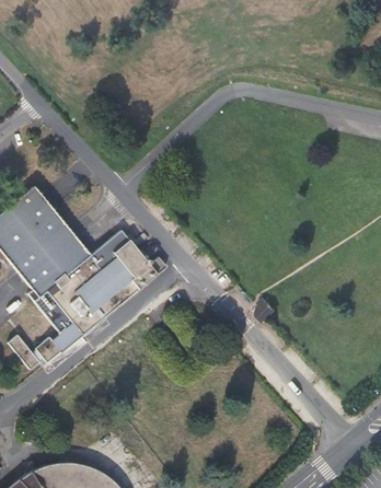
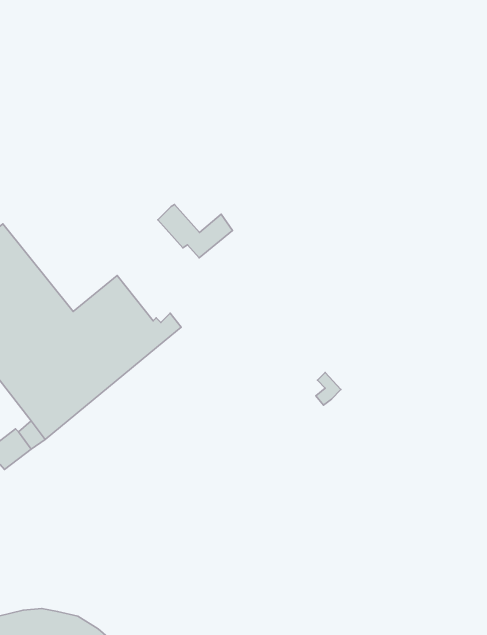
building: none -> [158,204,233,258]

